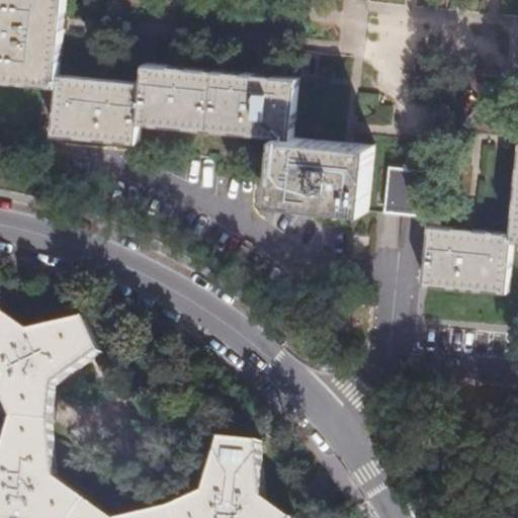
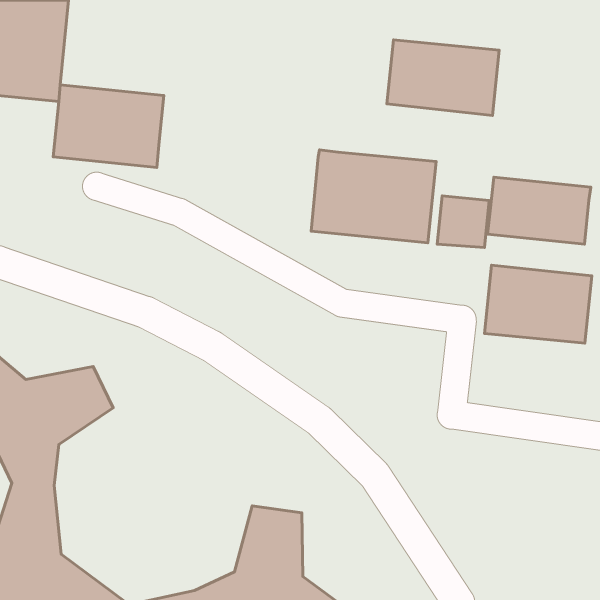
building: none -> [387,40,499,115]
building: [137,62,296,137] -> none
building: none -> [488,177,591,244]

